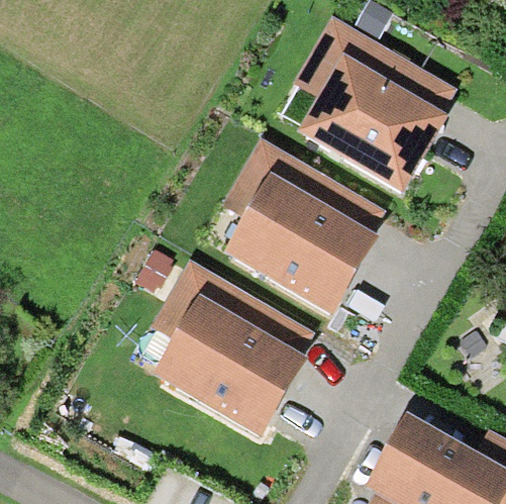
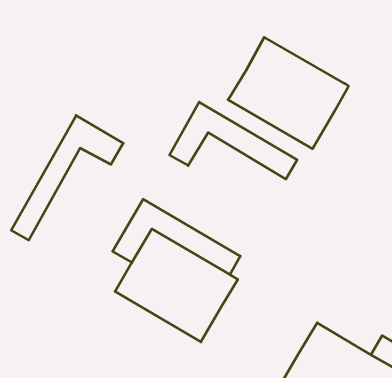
building: [294,16,457,113] -> none
building: none -> [11,115,123,240]
building: [224,175,377,315] -> none

